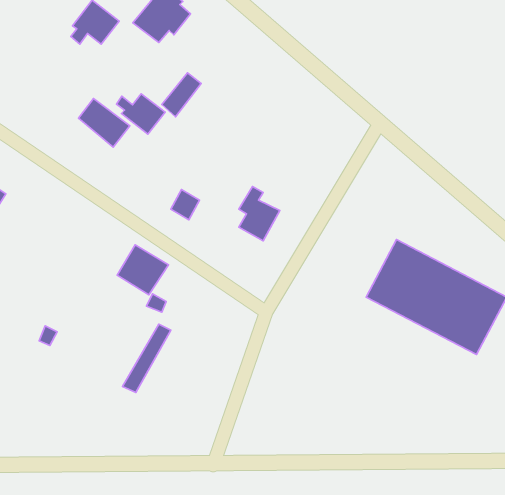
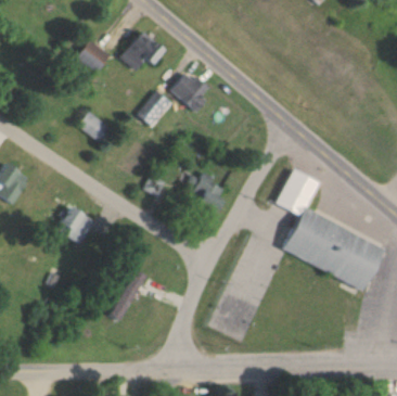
building: none -> [170,69,207,111]
building: [116,94,165,134] -> none
building: none -> [277,170,318,217]
building: [117,245,169,295] -> [55,206,92,242]

